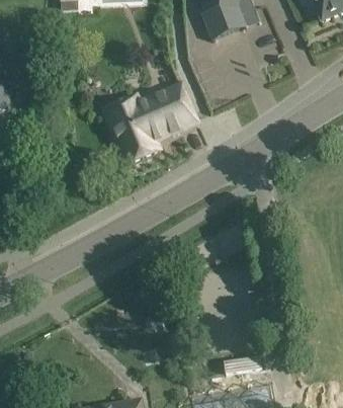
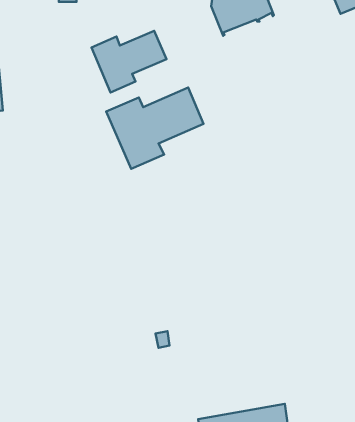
building: none -> [91,31,167,92]

